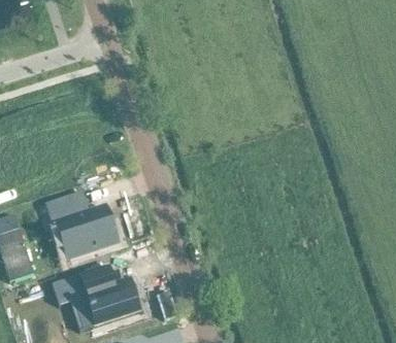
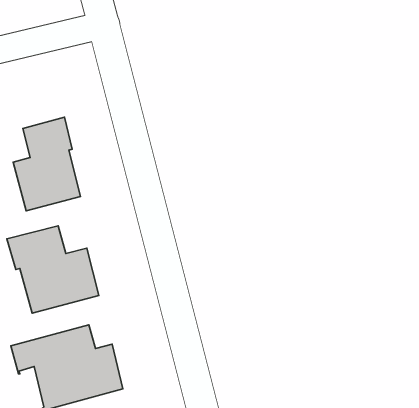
building: none -> [13,117,81,211]

